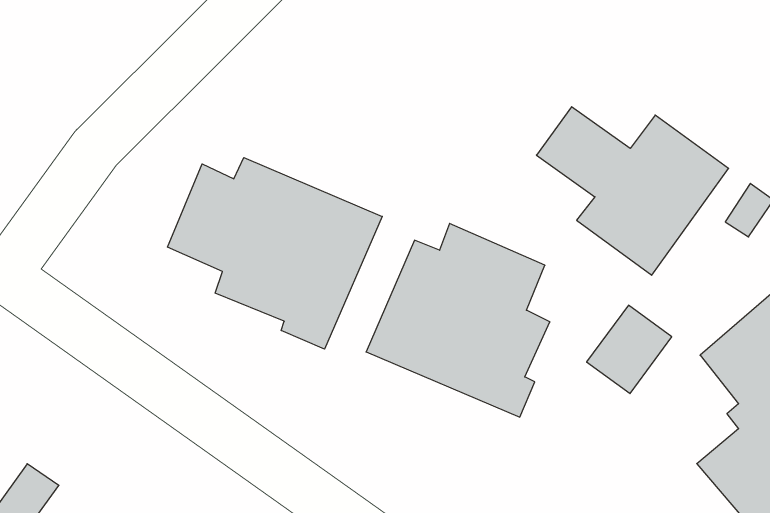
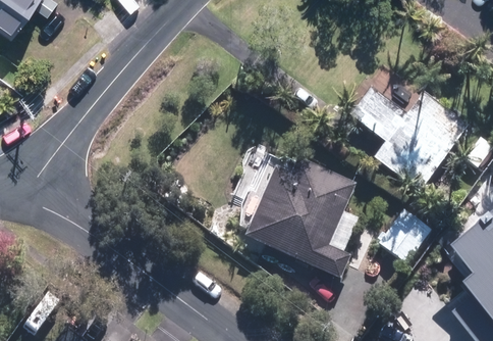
building: [168,158,382,349] -> none

